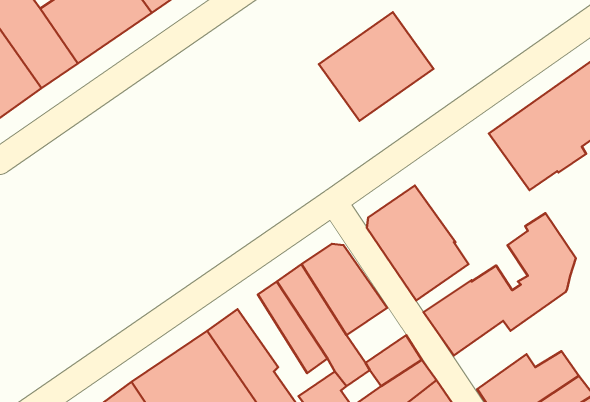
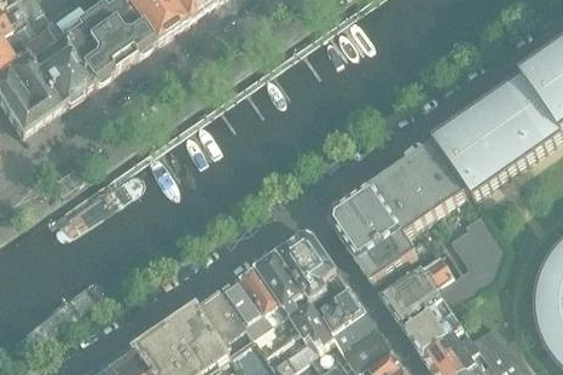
building: [319,12,434,121] -> [372,140,468,231]
building: none -> [225,275,283,350]
building: none -> [315,285,365,331]
building: none -> [405,296,465,353]

